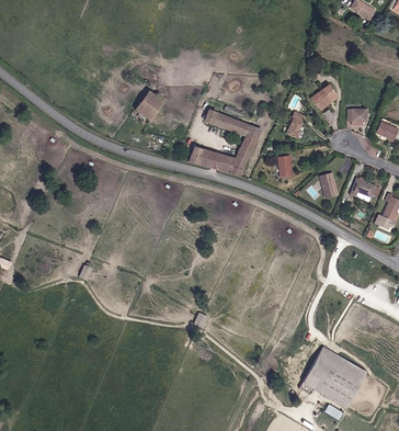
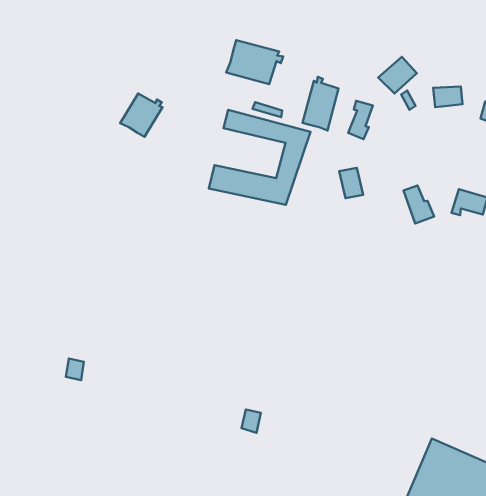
building: none -> [226,40,283,84]
building: none -> [303,77,339,131]

